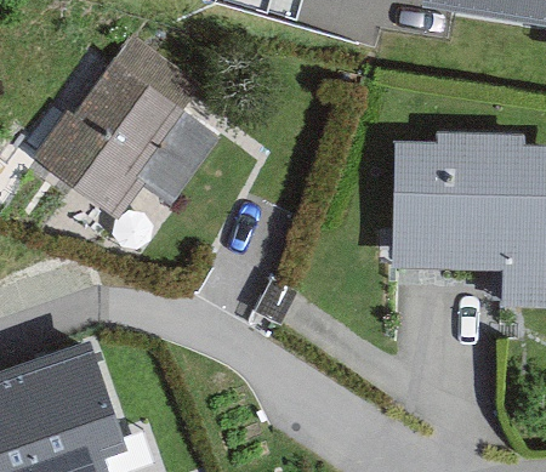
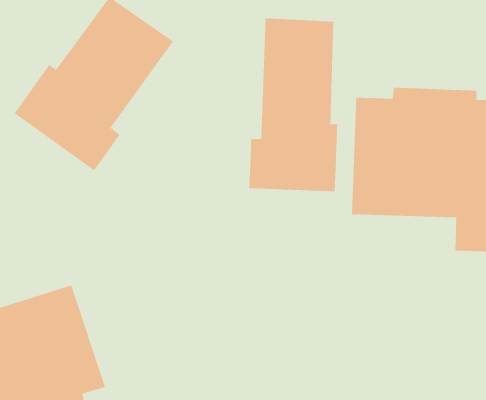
building: none -> [249,17,338,192]

